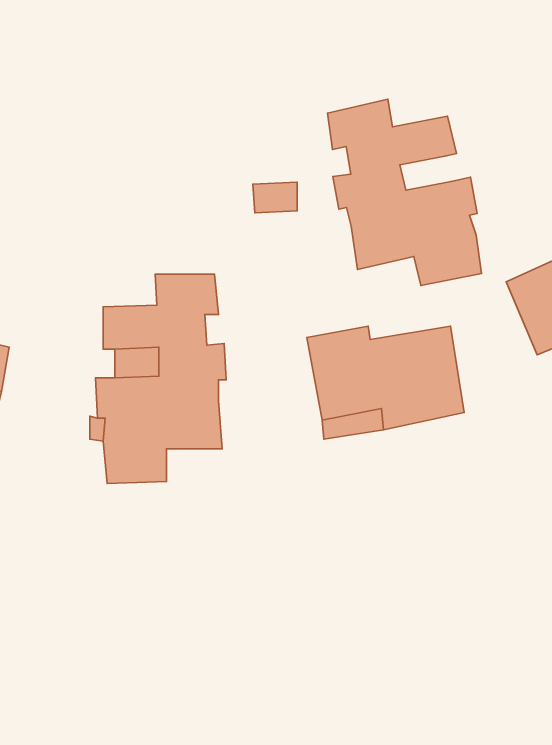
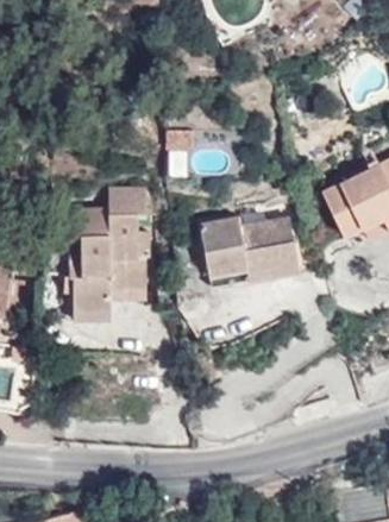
building: [328,99,482,286] -> none

